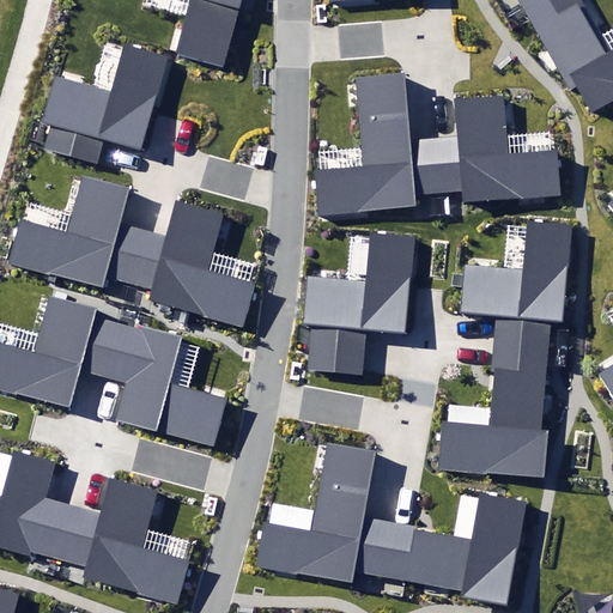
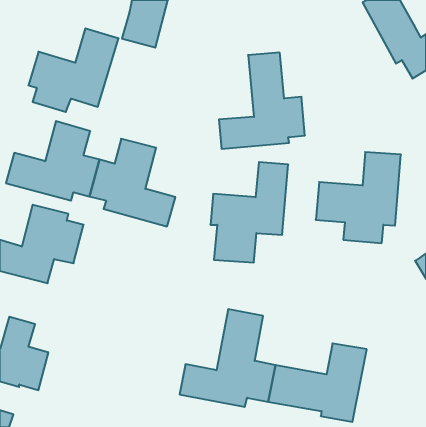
building: [432,97,558,204] -> none
building: [105,322,223,443] -> none
building: [442,344,547,477] -> none
building: [55,478,192,606] -> none

